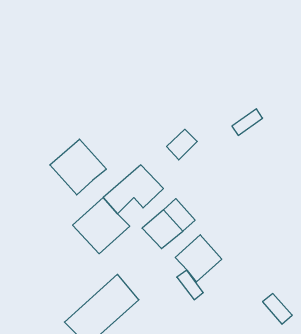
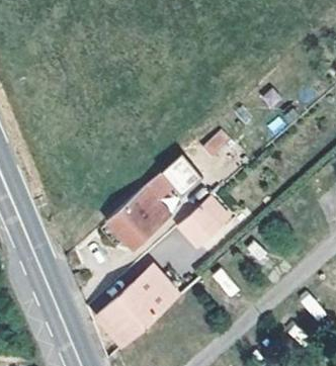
building: [50,139,106,195] -> none
building: [175,235,222,282] -> none

